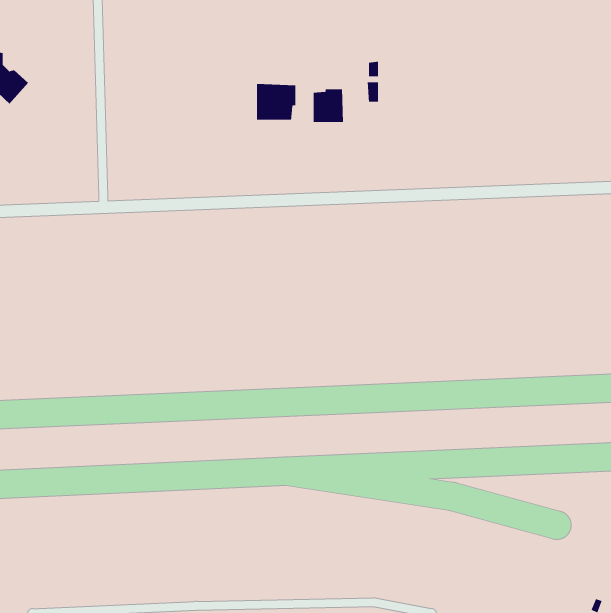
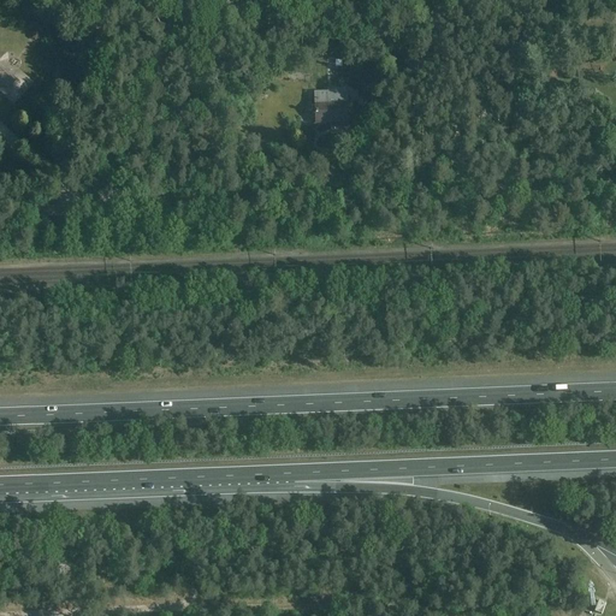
building: [256,83,296,121] -> none

